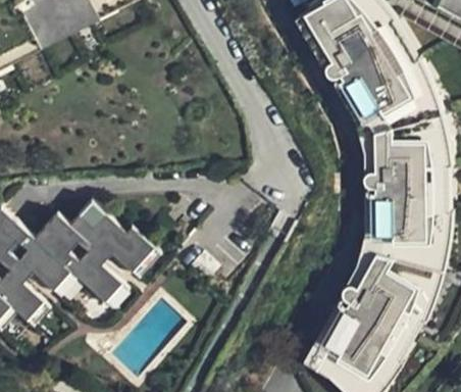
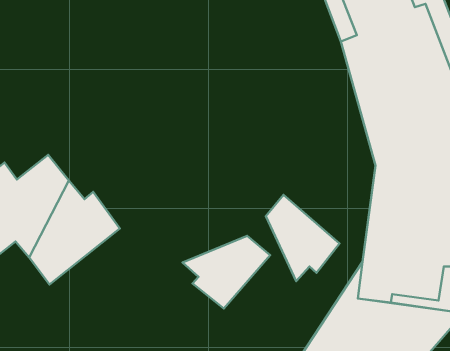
building: none -> [266,195,339,281]
building: none -> [183,236,270,308]

